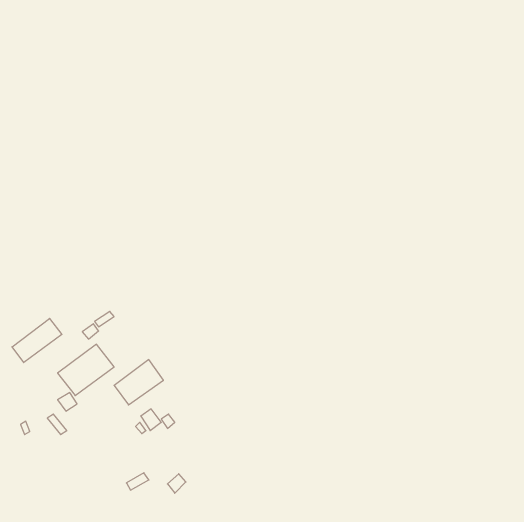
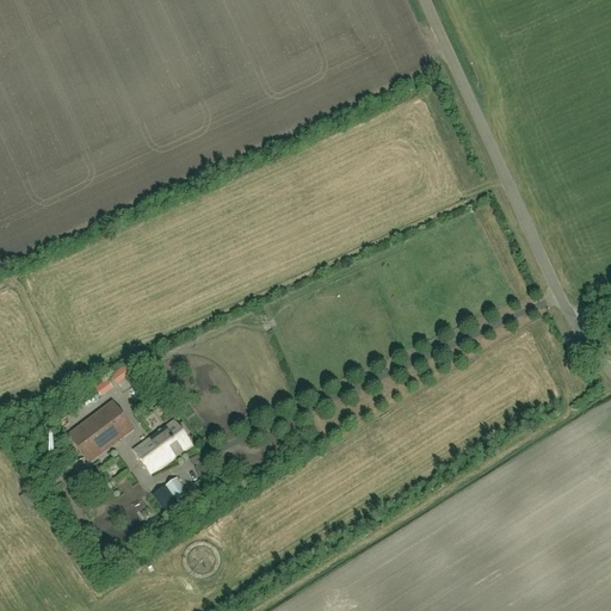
building: [12,318,62,363] -> none

